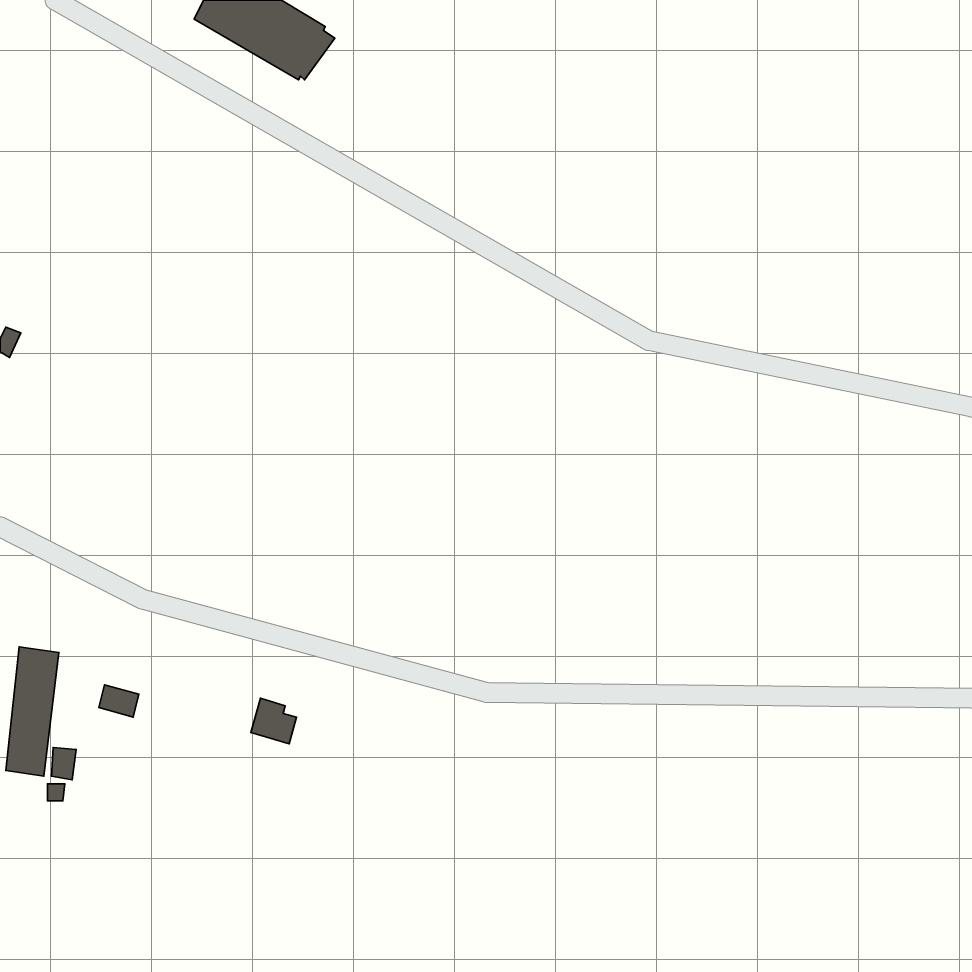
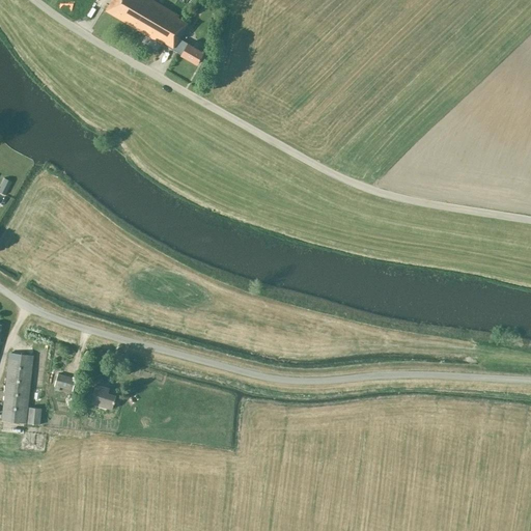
building: none -> [166,21,203,64]
building: [251,698,297,744] -> [90,385,115,410]

